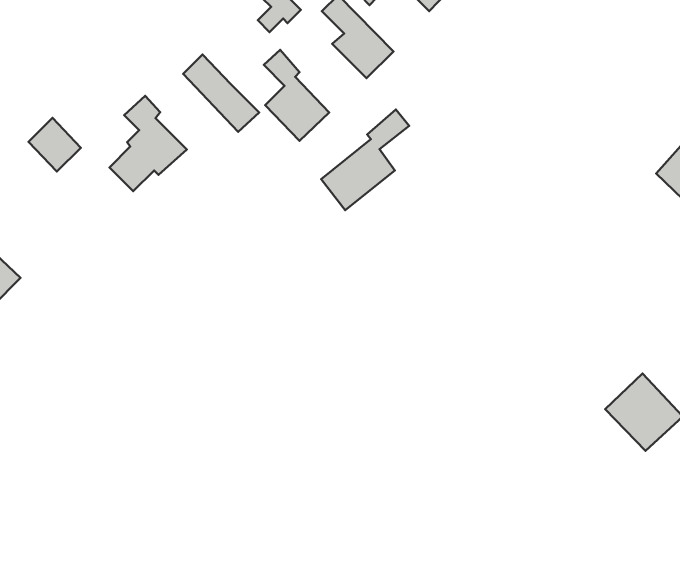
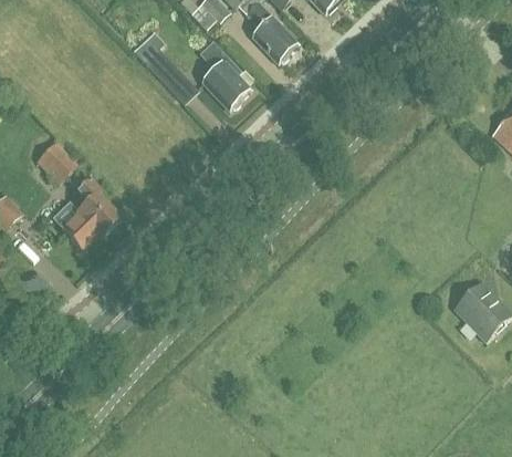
building: [109,96,187,191] -> [62,177,119,248]
building: [321,110,409,210] -> none
building: [28,118,81,172] -> [36,142,75,181]

